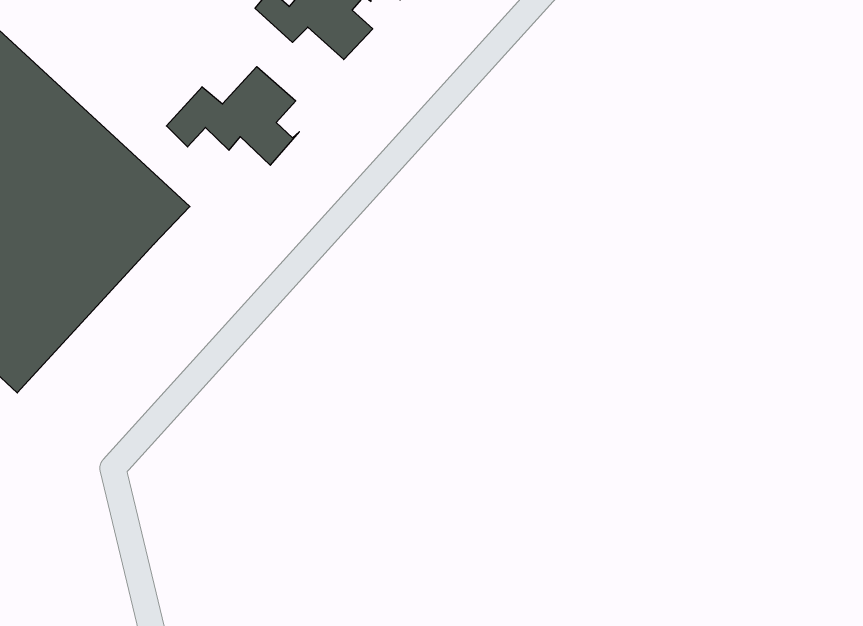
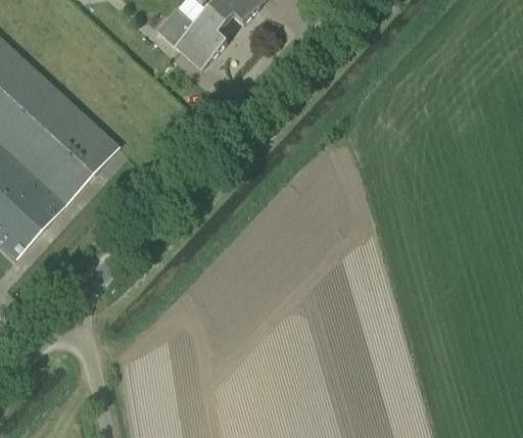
building: [166,67,299,165] -> none

